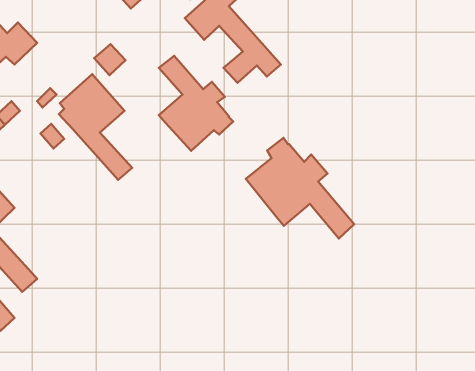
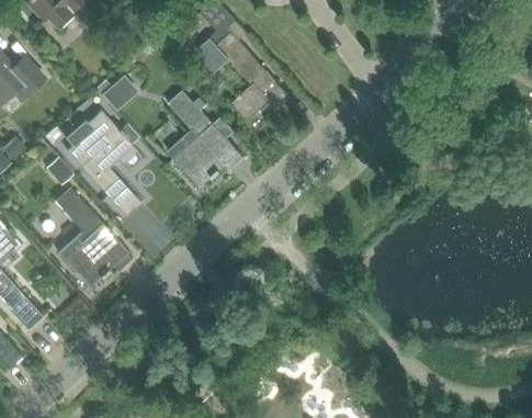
building: [246,138,354,238] -> none
building: none -> [54,188,132,287]

